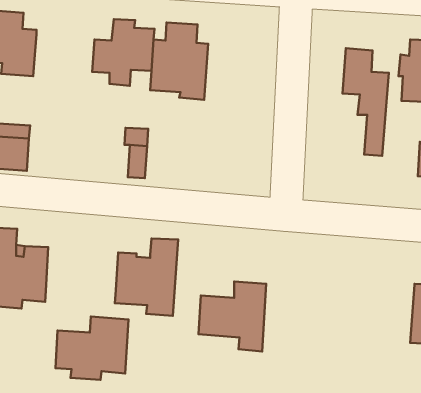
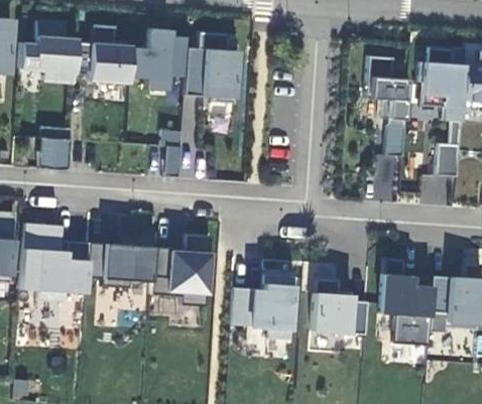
building: none -> [76,24,133,85]
building: none -> [379,257,433,346]
building: none -> [312,278,368,334]
building: [55,316,128,380] -> [87,229,155,288]

